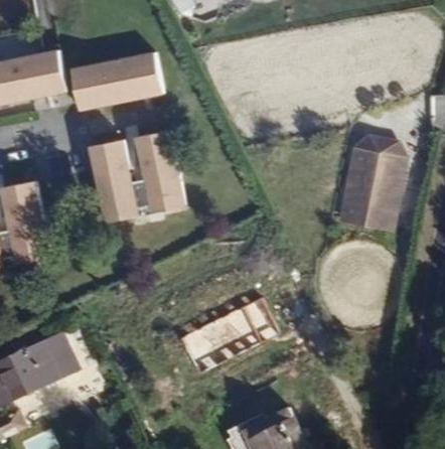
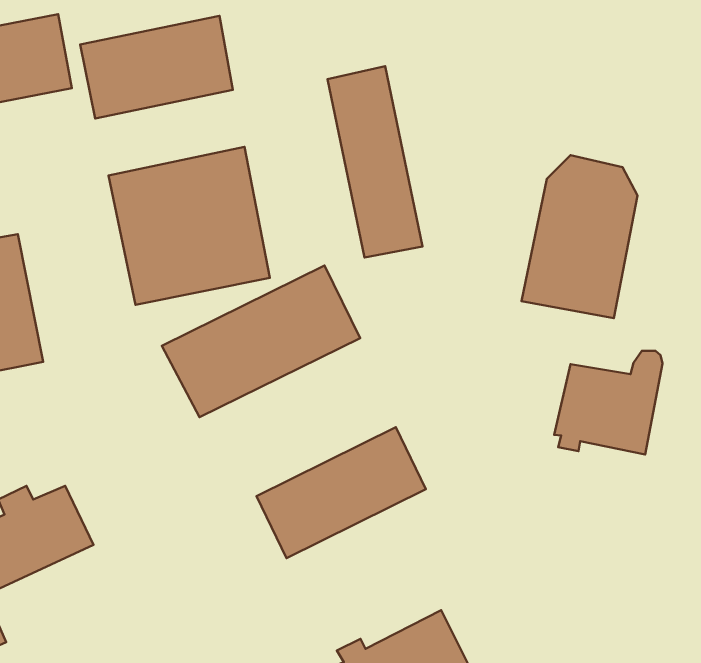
building: none -> [328,66,423,258]
building: none -> [162,266,360,417]
building: none -> [554,351,662,454]

